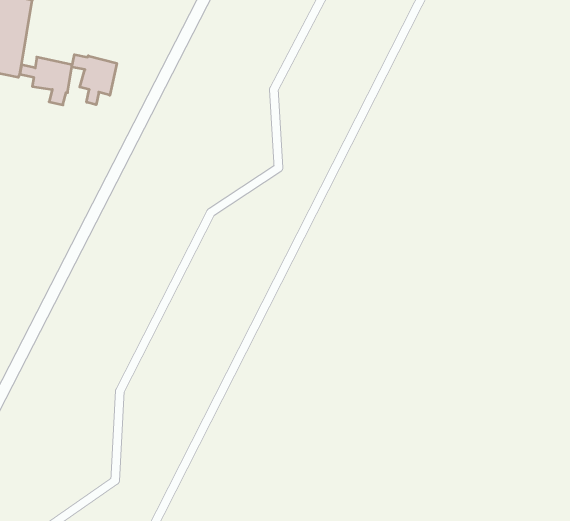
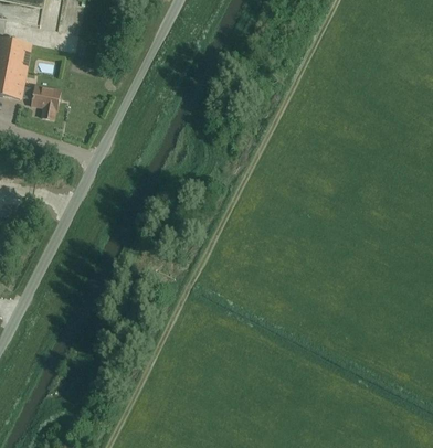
building: [72,55,117,105] -> none

